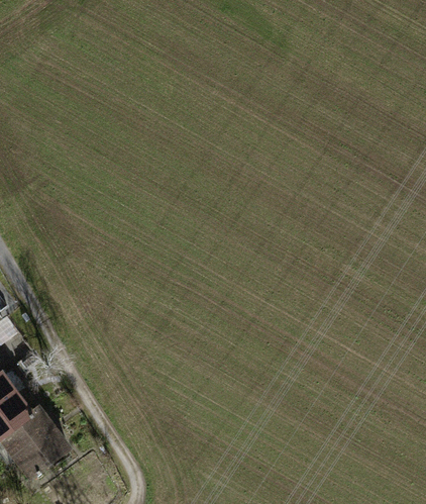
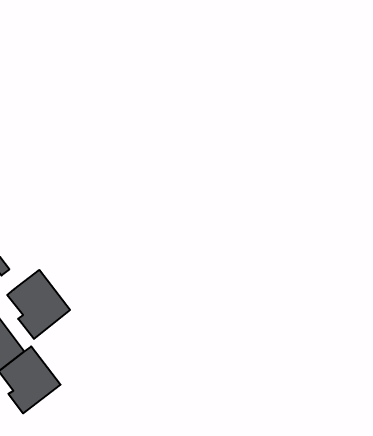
building: none -> [7,270,70,339]

